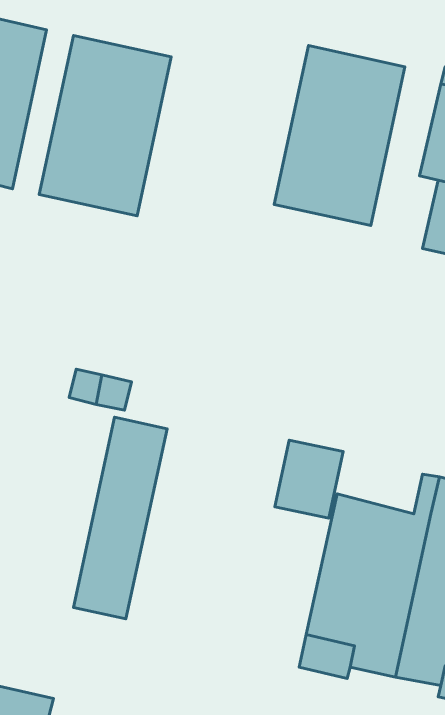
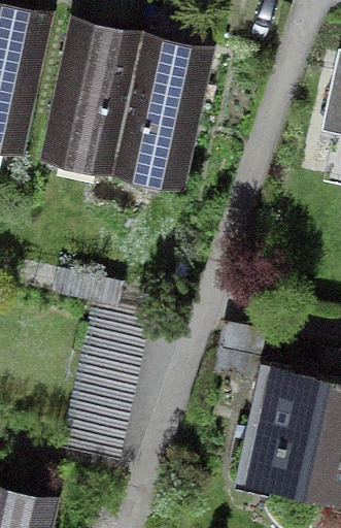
building: [274,45,405,226] -> [115,43,210,174]

